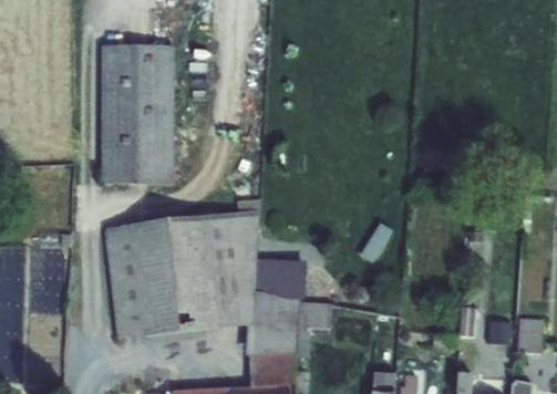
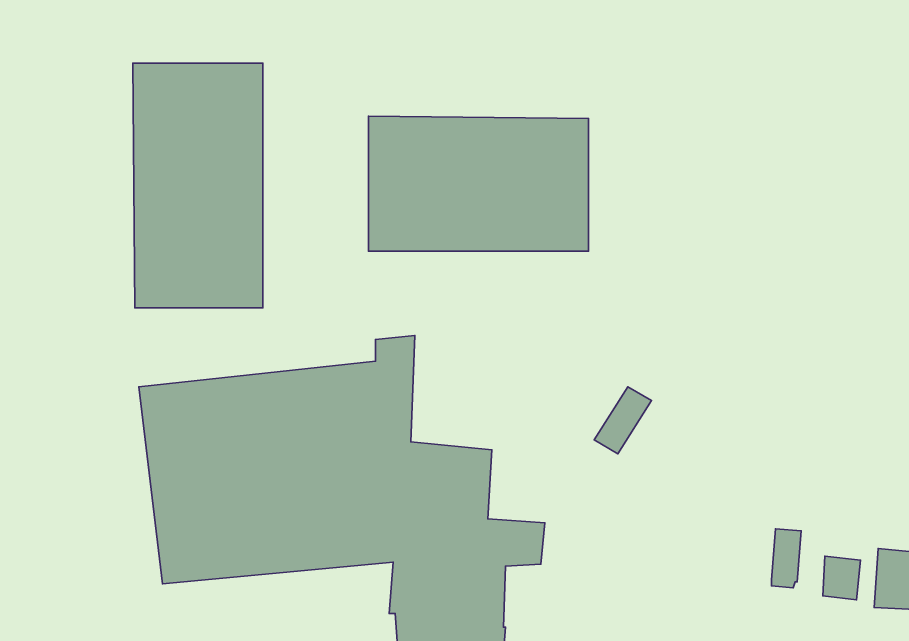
building: none -> [369,116,588,251]

